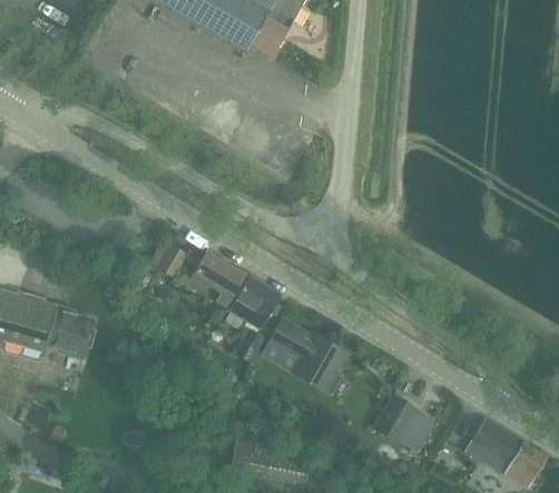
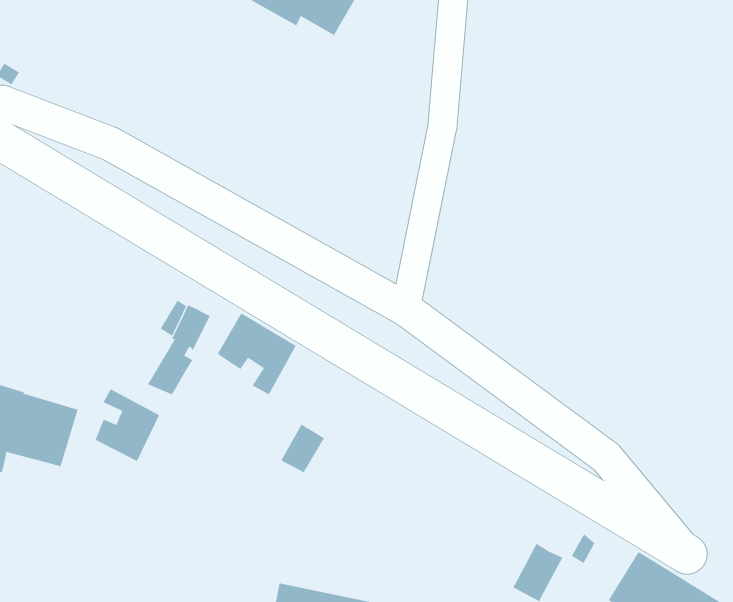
building: [229,275,280,326] -> none
building: none -> [95,388,160,462]
building: [267,317,349,395] -> none
building: [374,395,415,440] -> none

